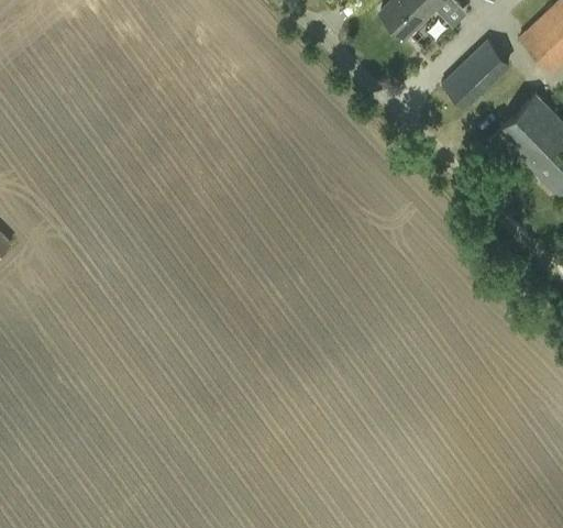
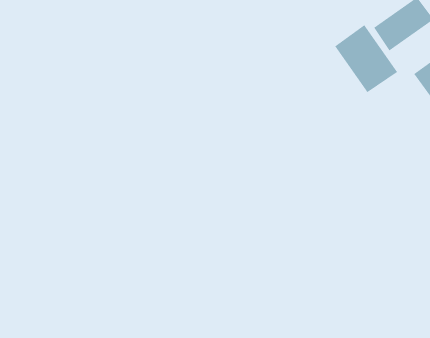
building: none -> [334,24,398,93]

